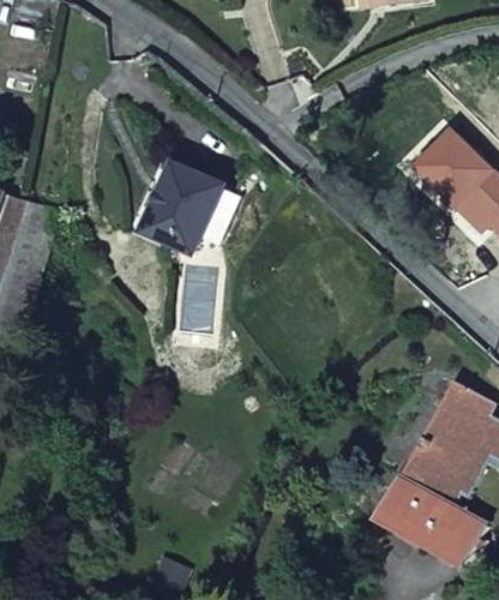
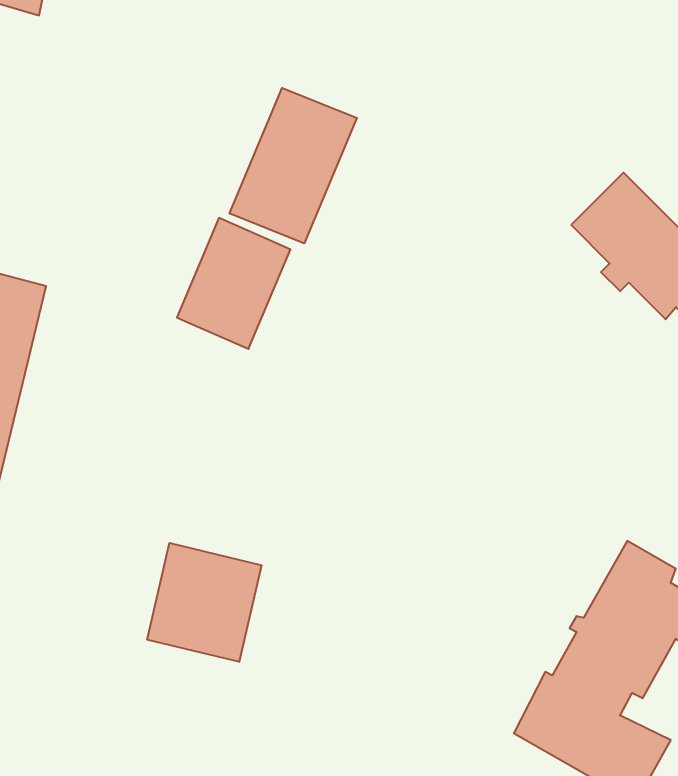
building: none -> [229,88,357,243]
building: none -> [147,543,262,662]

